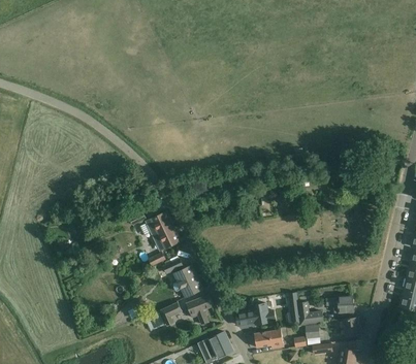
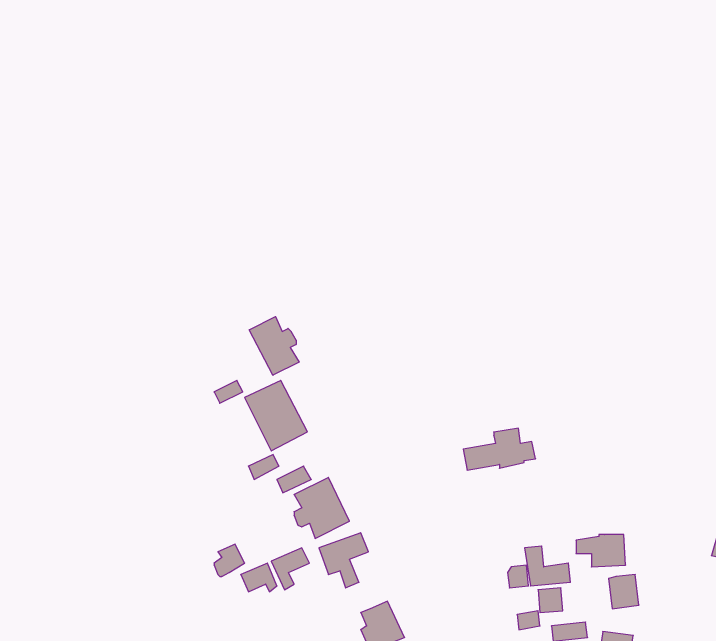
building: none -> [249,317,299,375]
building: [236,303,276,326] -> [463,428,536,470]
building: [255,330,284,349] -> none

